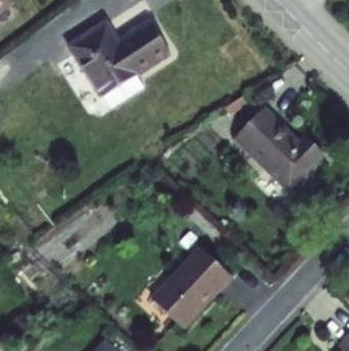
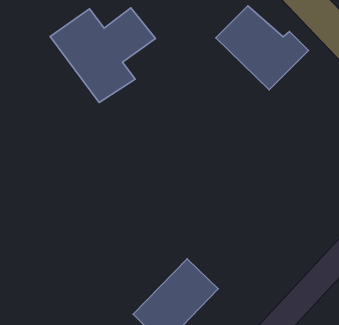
building: [234,113,323,193] -> [216,6,309,90]

